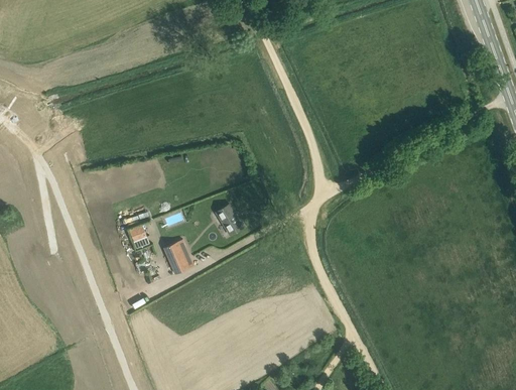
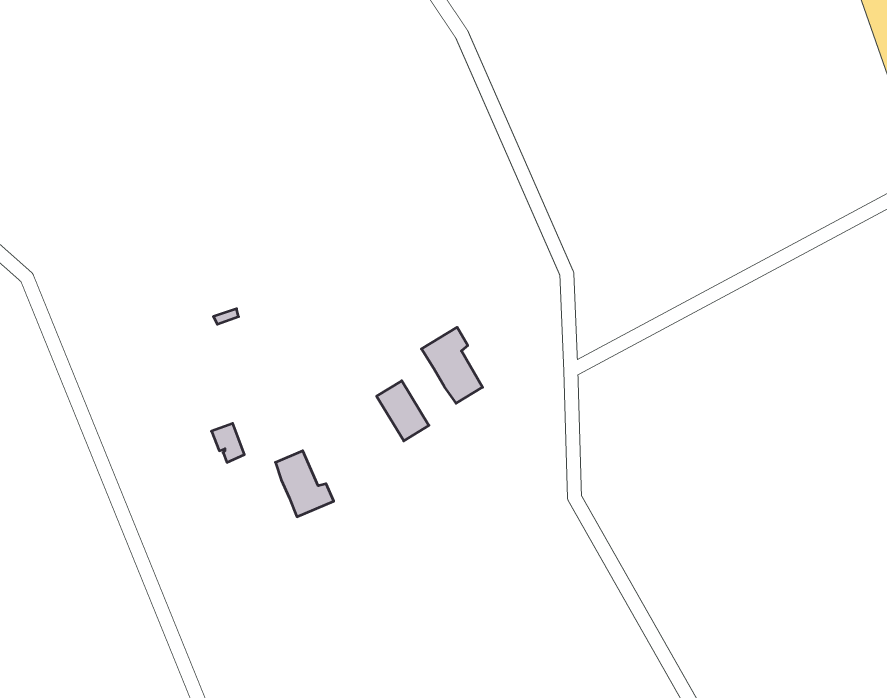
building: none -> [421,327,483,403]

